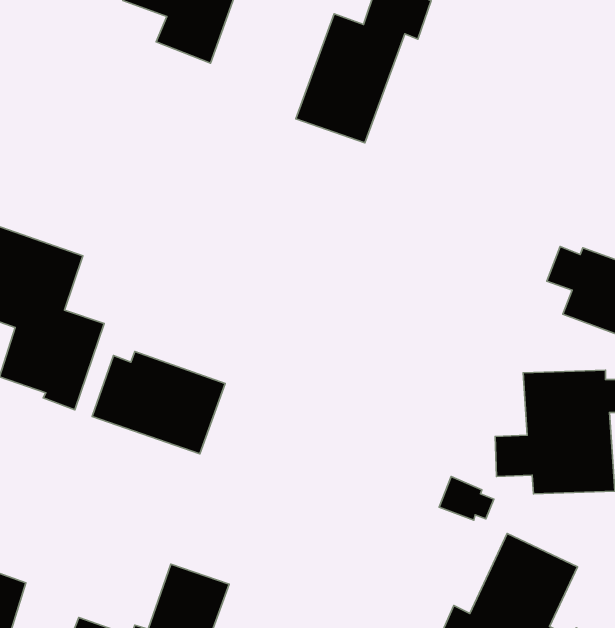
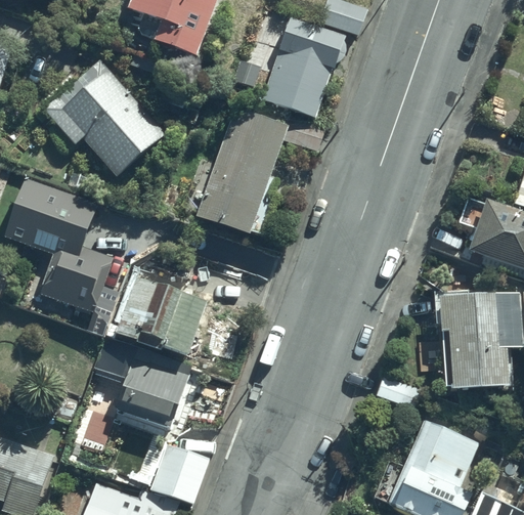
building: none -> [44,60,165,177]
building: none -> [182,105,320,235]
building: none -> [94,337,189,429]

